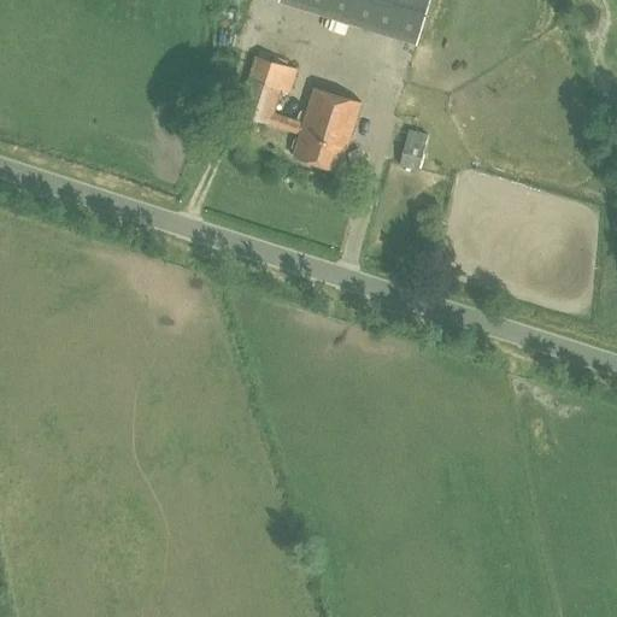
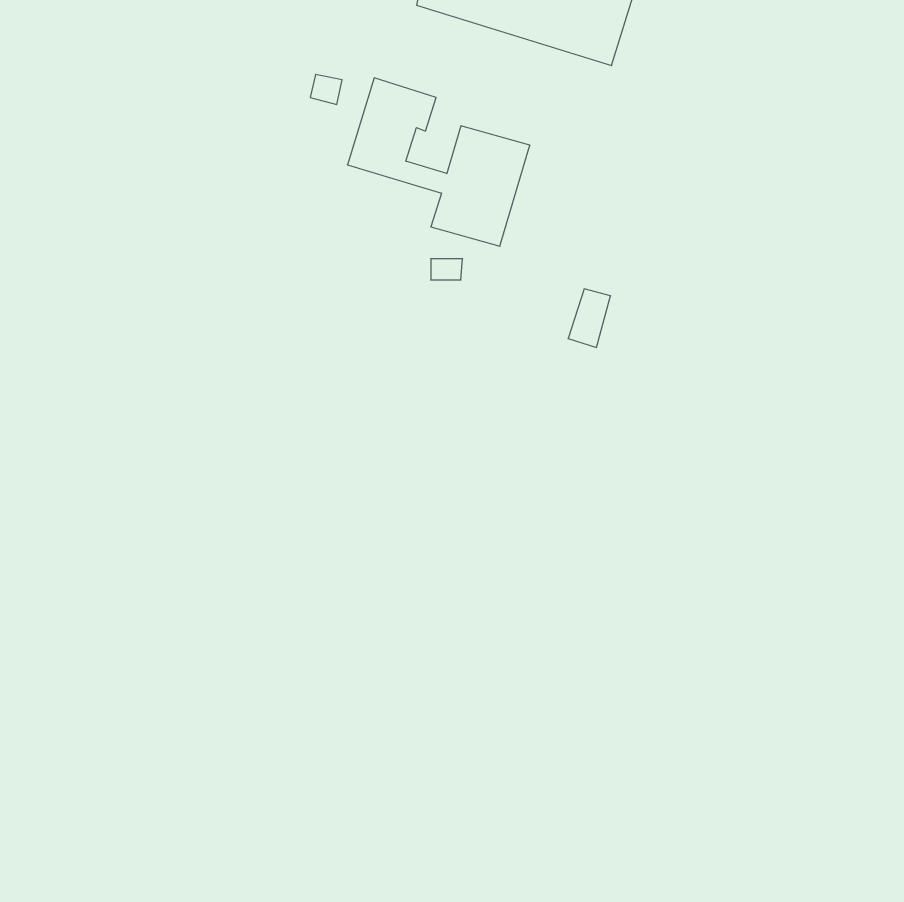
building: [401,129,430,169] -> [568,289,611,347]

